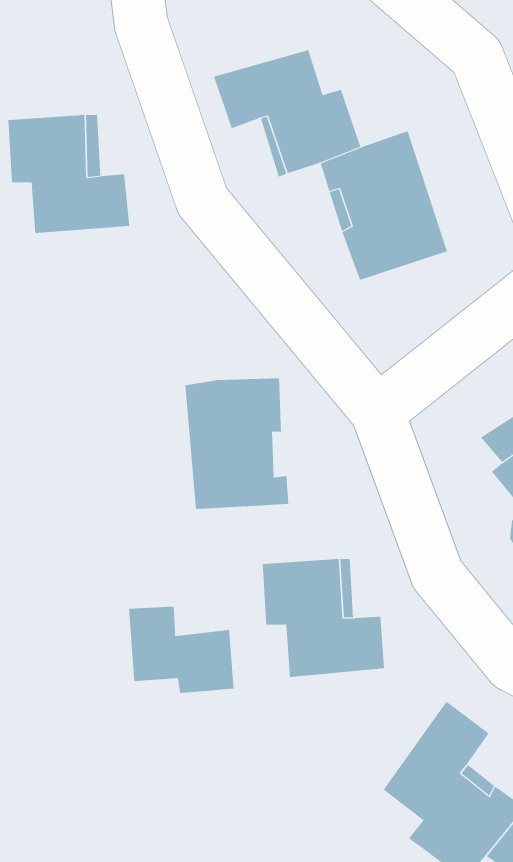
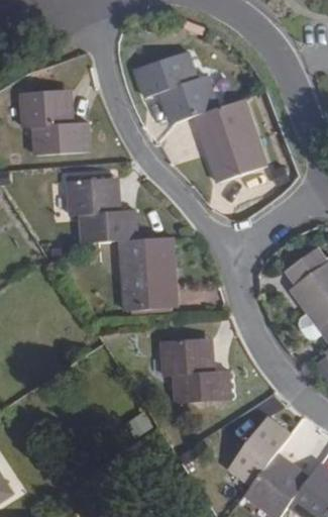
building: none -> [69,179,137,241]
building: [129,606,234,694] -> none

